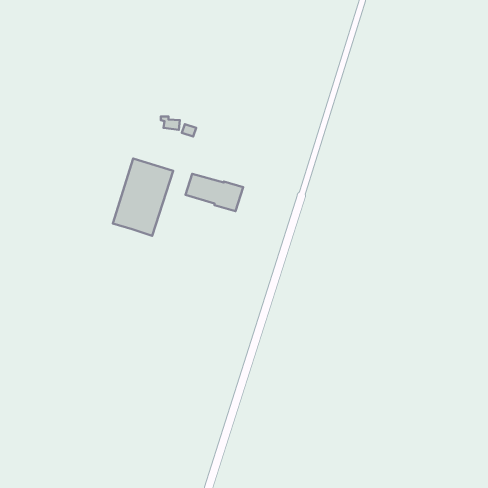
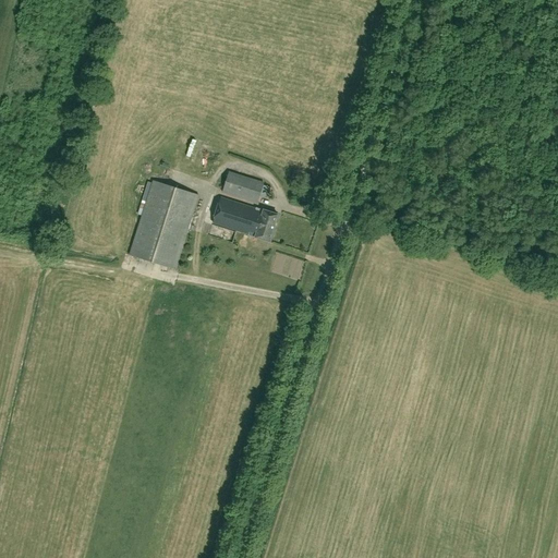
building: none -> [221,171,263,203]

